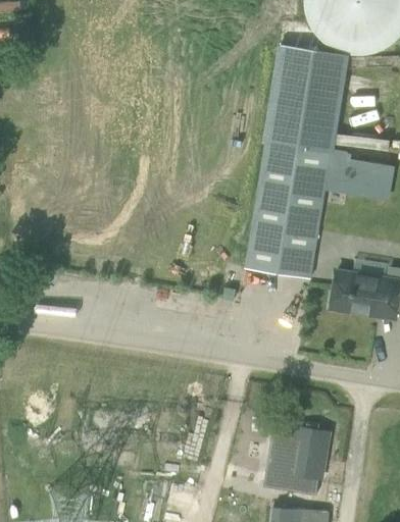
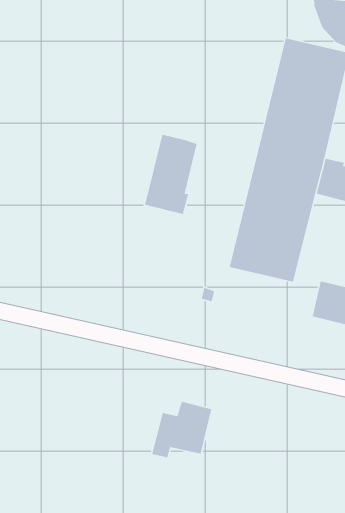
building: none -> [144,134,197,215]
building: [273,428,329,484] -> [151,401,212,458]

